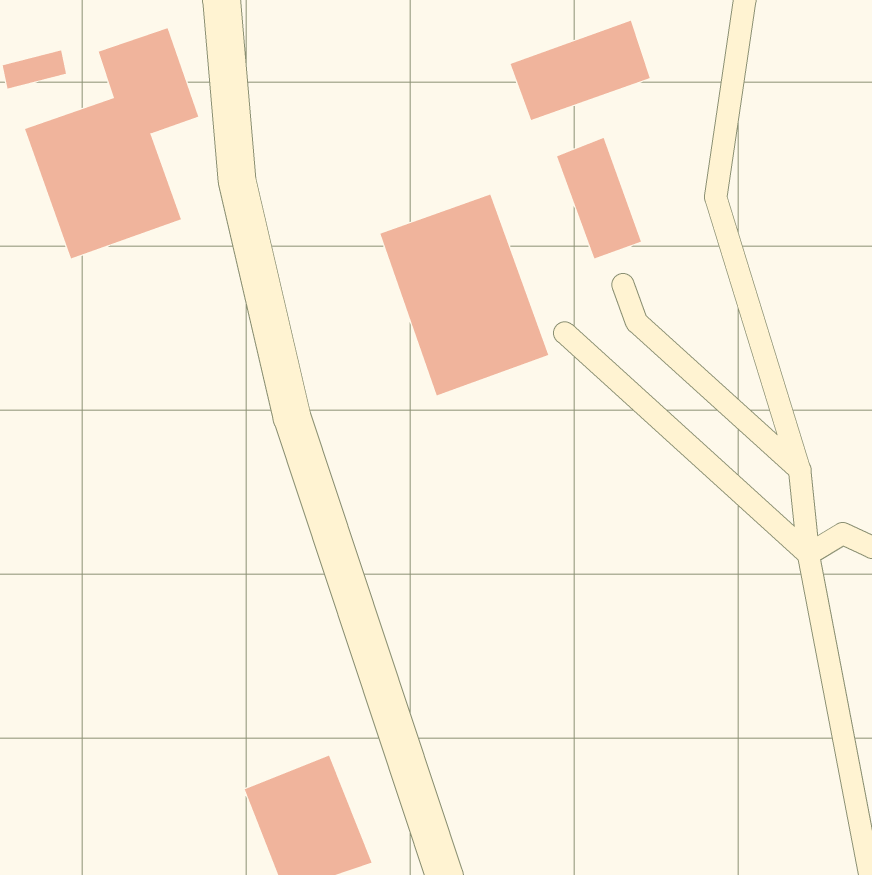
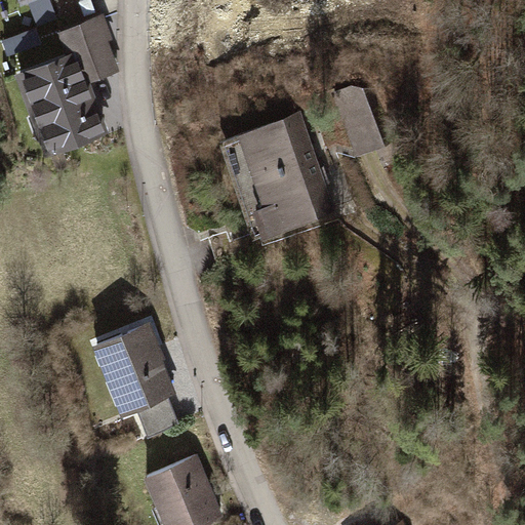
building: [510,20,651,121] -> none
building: none -> [90,320,175,409]
building: none -> [134,396,178,436]

